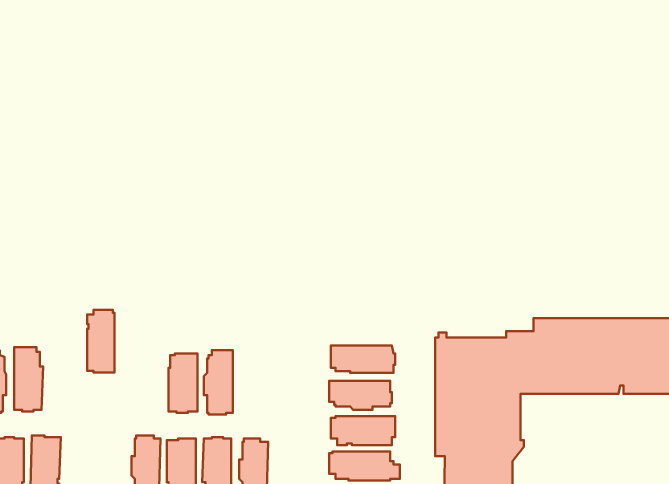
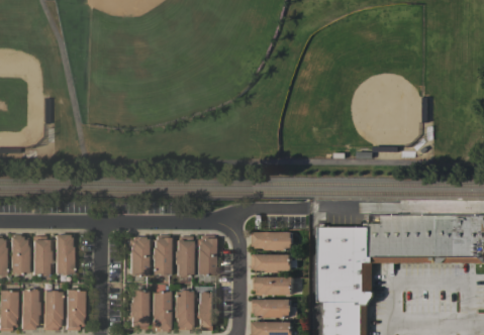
building: [87,310,114,372] -> [130,236,148,275]
building: none -> [197,235,215,274]

